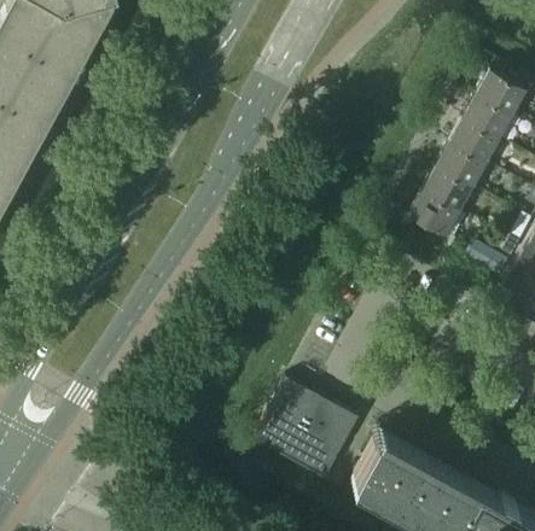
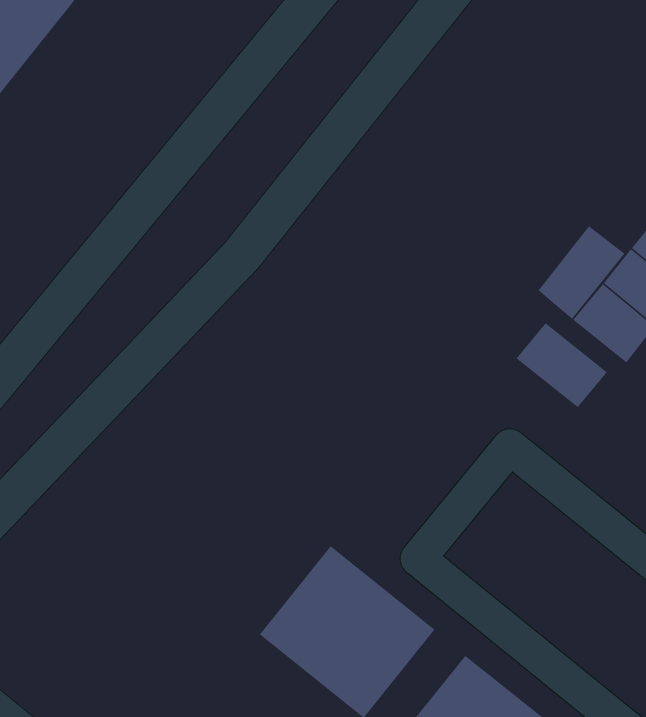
building: none -> [537,225,626,320]
building: none -> [515,322,608,408]

